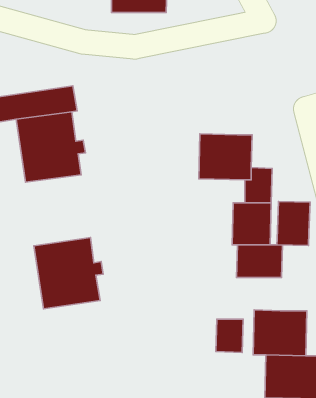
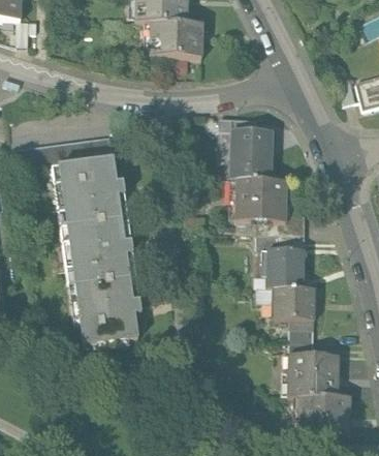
building: none -> [228,129,273,179]
building: none -> [63,218,130,288]
building: [277,201,310,246] -> none
building: [216,319,243,353] -> [288,320,315,353]

